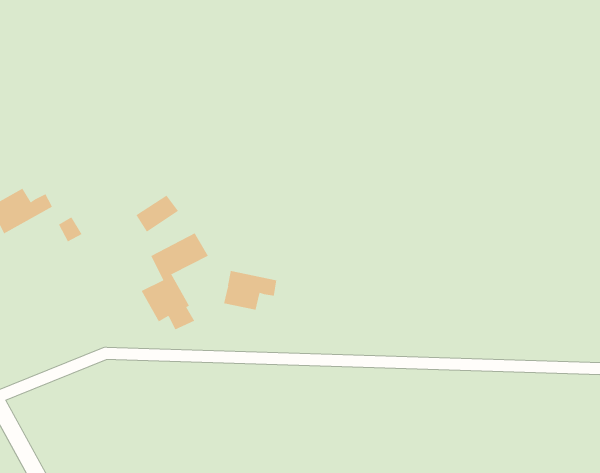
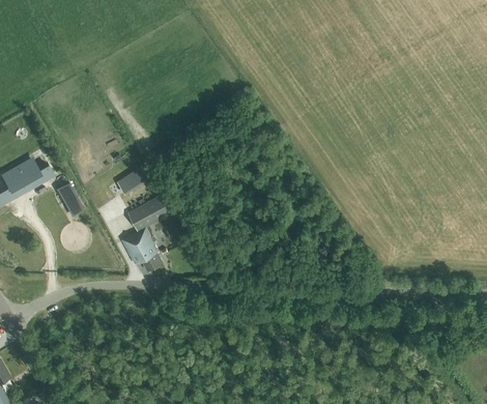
building: [224,270,277,311] -> none

